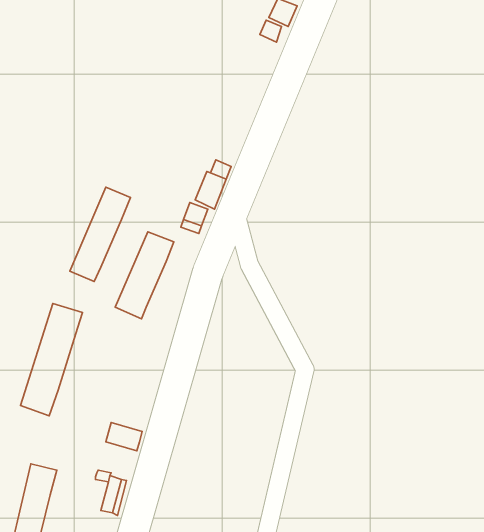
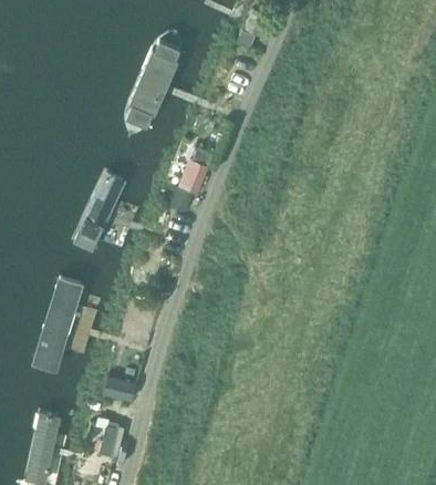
building: none -> [124,32,183,135]
building: [115,232,174,319] -> none

